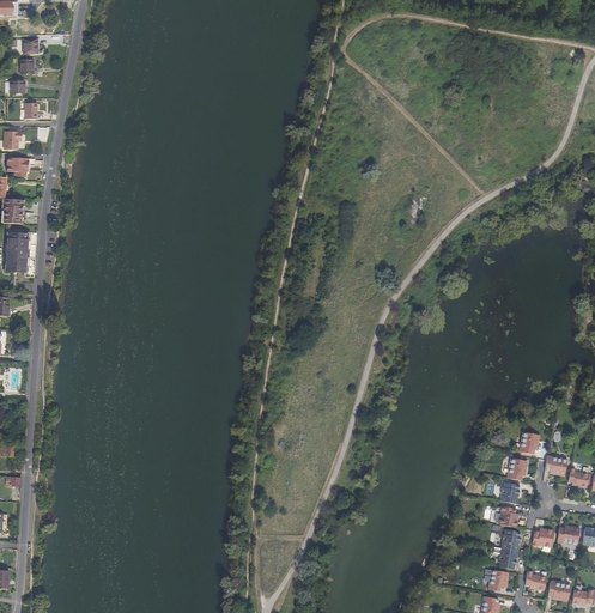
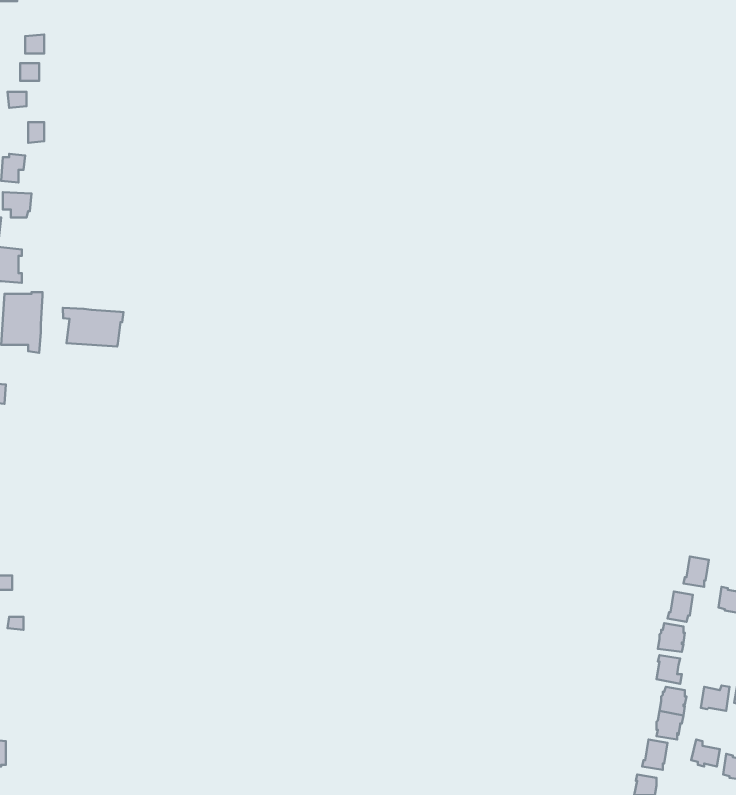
building: none -> [63,308,123,346]

